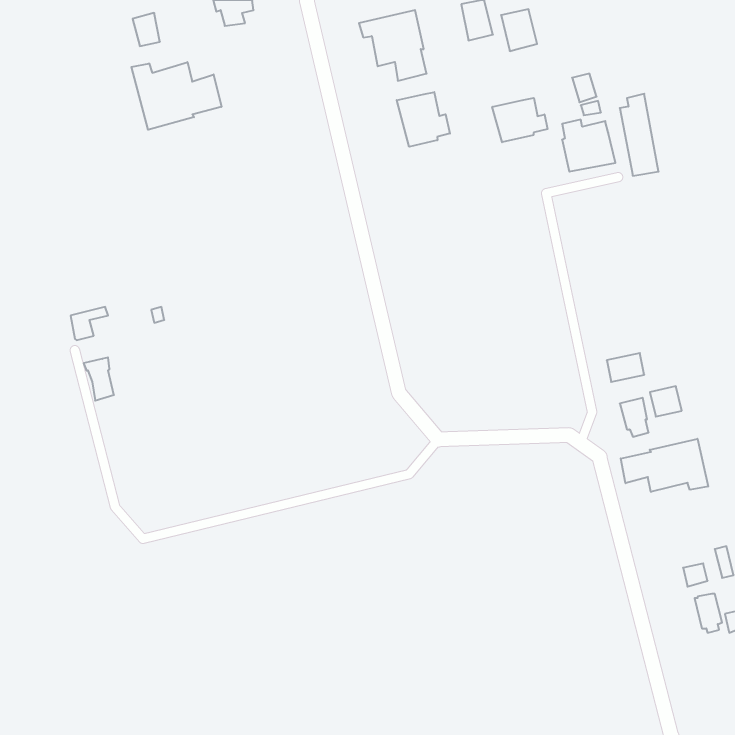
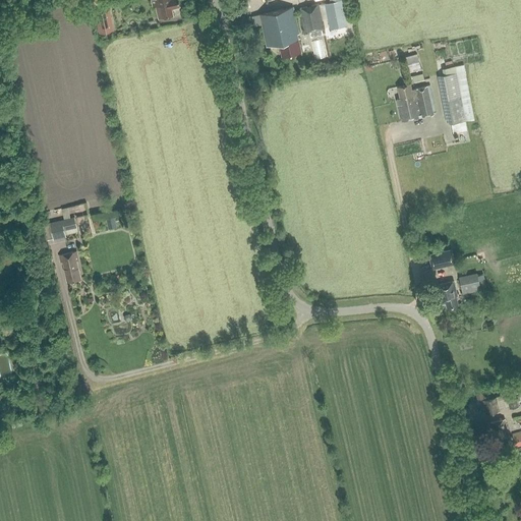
building: [501,9,537,51] -> [299,5,325,35]
building: [131,62,221,130] -> none
building: [397,92,450,147] -> none
building: [492,98,548,142] -> none
building: [621,439,708,492] -> none

